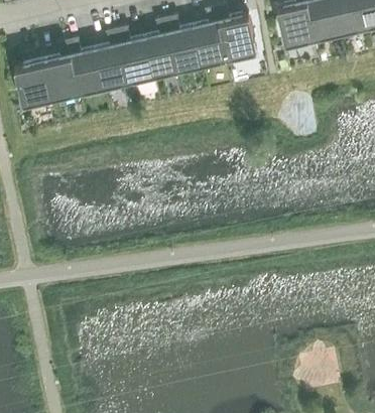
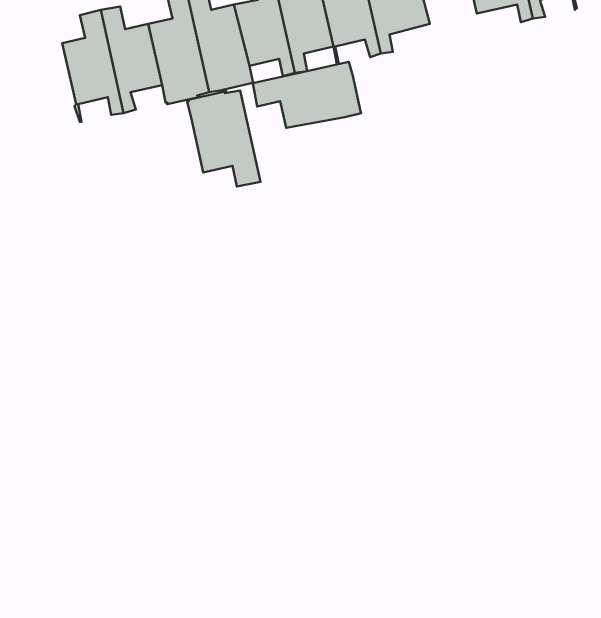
building: [15,59,54,111] -> none
building: none -> [253,62,361,128]
building: none -> [187,91,261,186]

